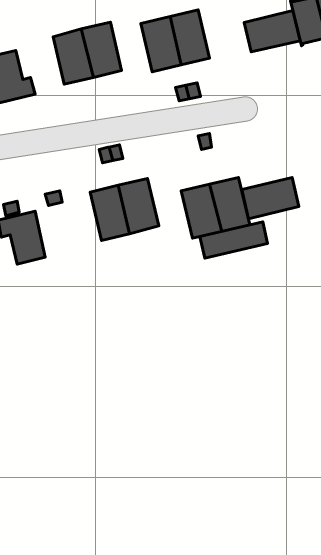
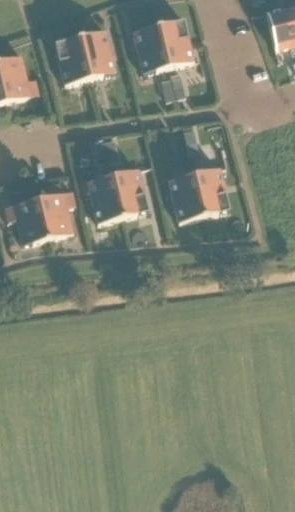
building: [244,10,300,52] -> none
building: [242,178,299,219] -> none
building: none -> [38,188,75,237]
building: [200,222,268,258] -> none

